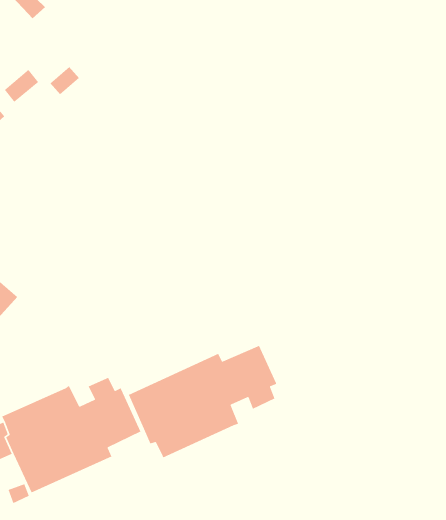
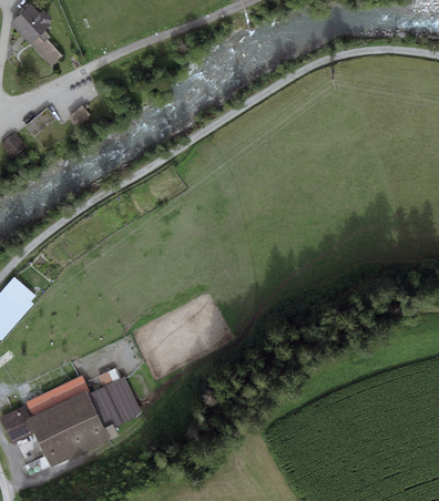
building: [128,345,277,459] -> none

